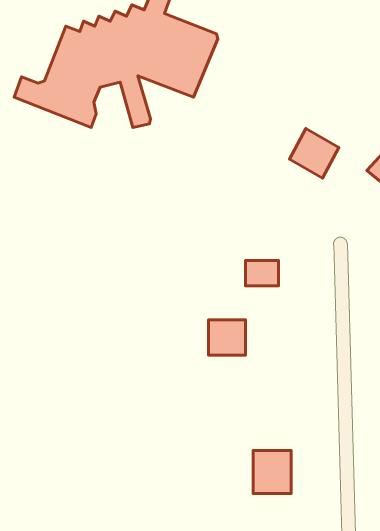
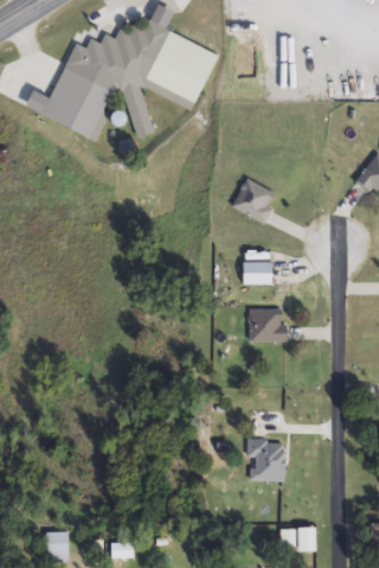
building: [290,129,339,178] -> [231,177,277,223]
building: [209,320,245,355] -> [250,308,284,342]

